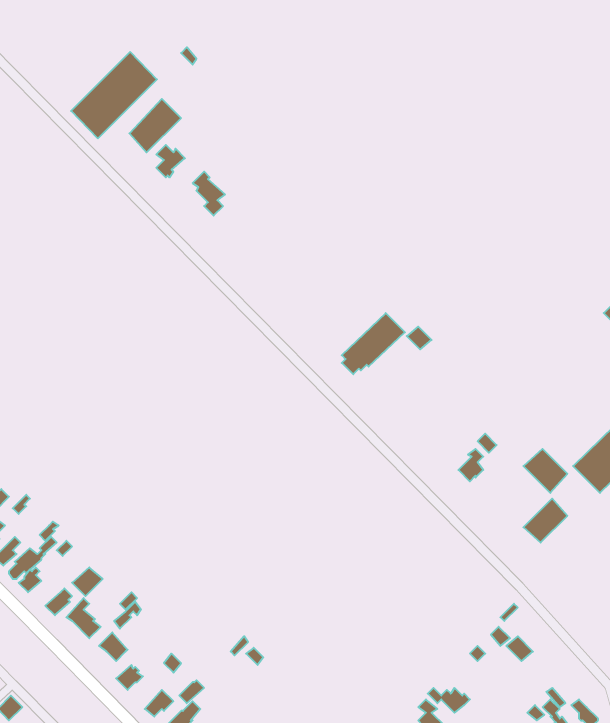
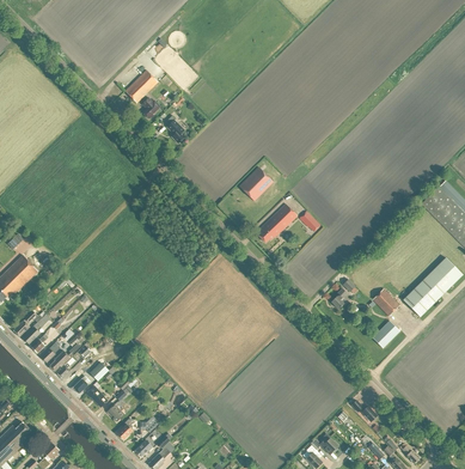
building: [71,52,157,138] -> none
building: none -> [239,166,274,200]

